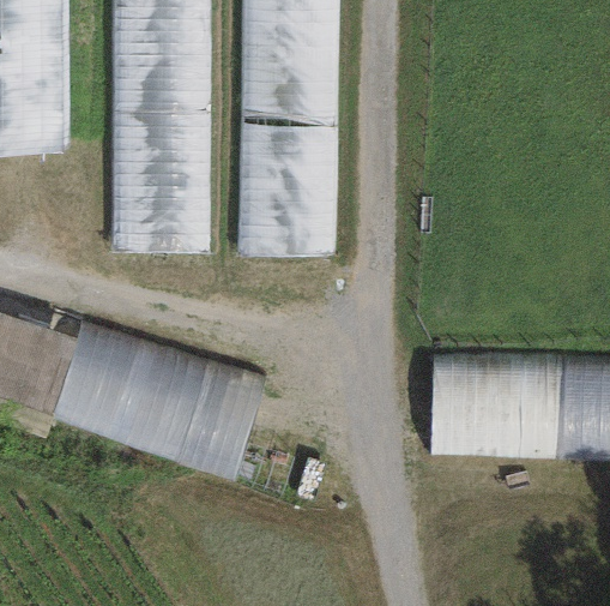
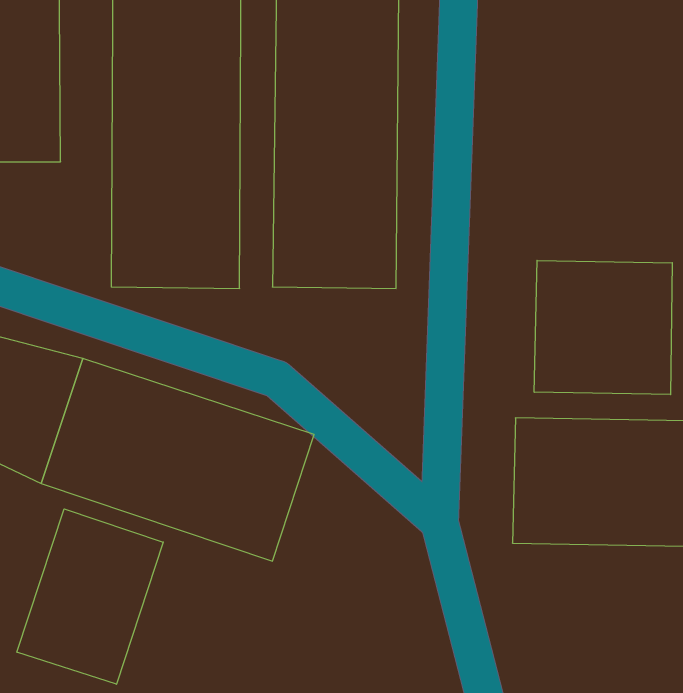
building: none -> [534,260,672,395]
building: none -> [17,509,163,684]

